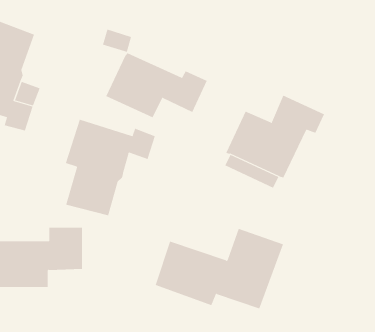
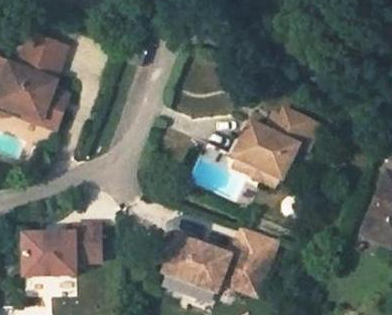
building: [105,53,208,118] -> none
building: [65,119,156,216] -> none

